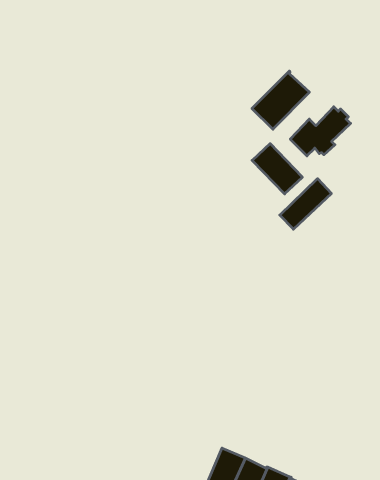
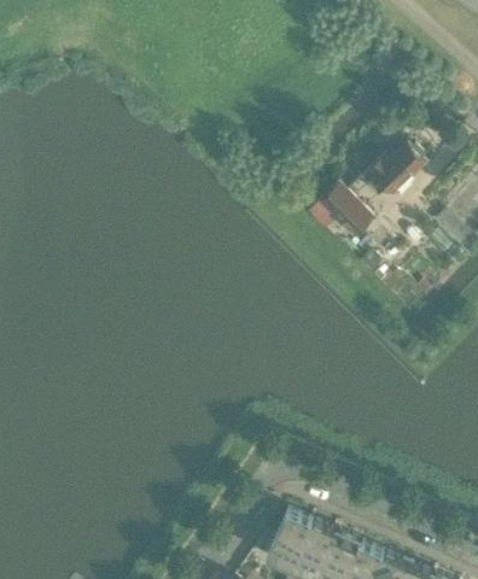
building: [252,71,309,129] -> none
building: [280,179,331,229] -> none

